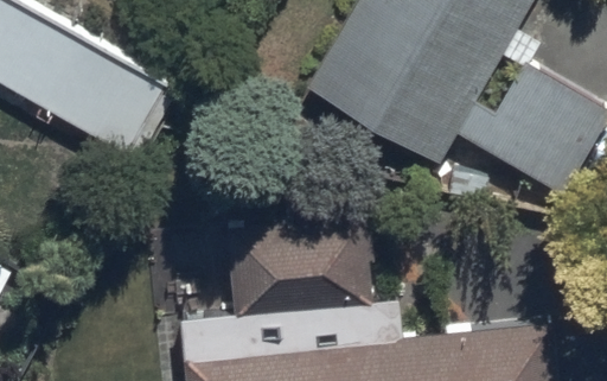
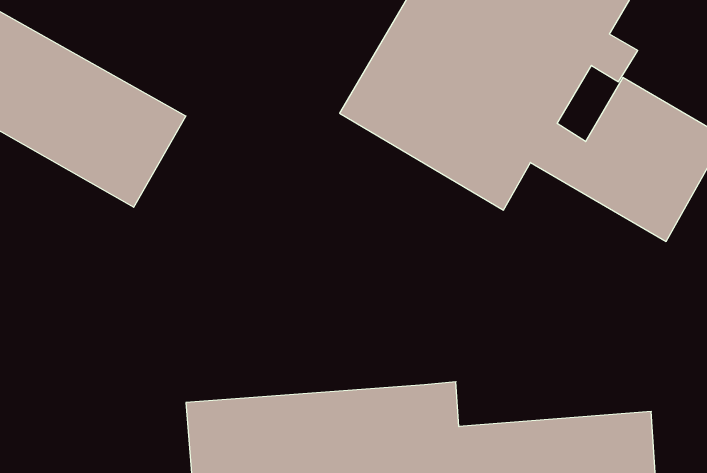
building: [229,222,375,317] -> none

